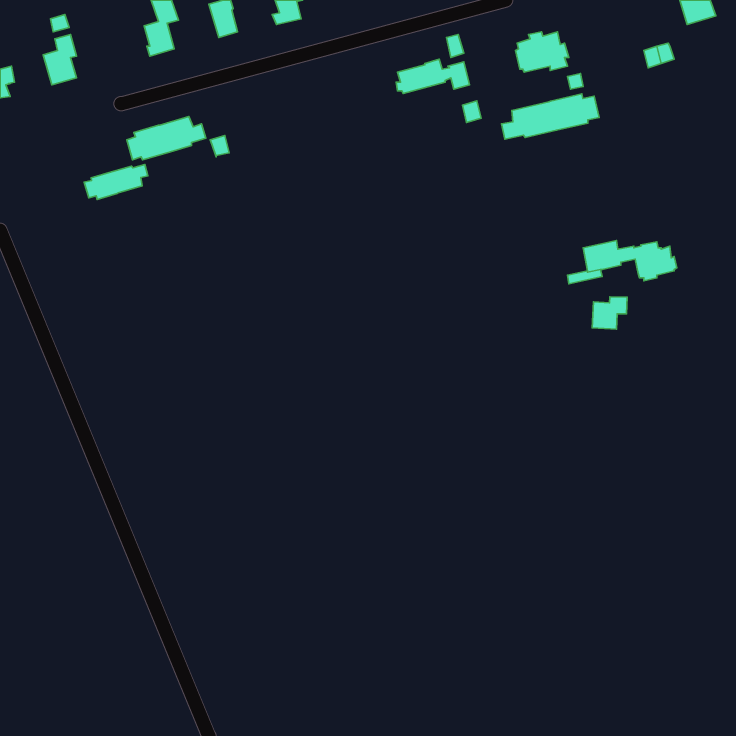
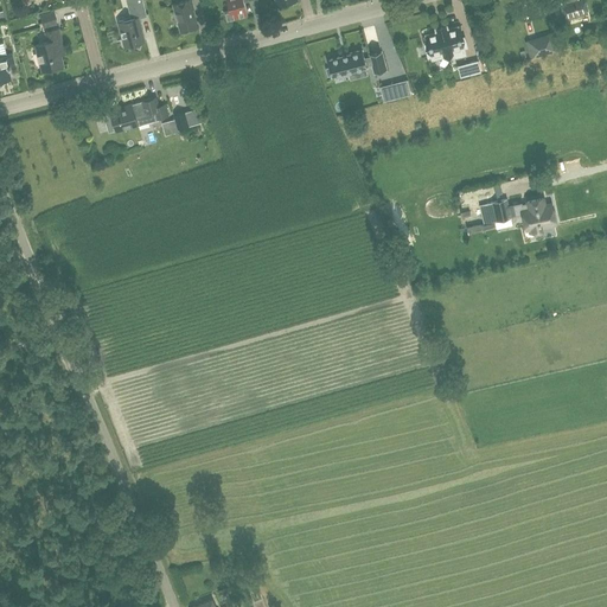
building: [501,94,599,139] -> none
building: [84,164,148,199] -> none
building: [592,297,627,329] -> none

